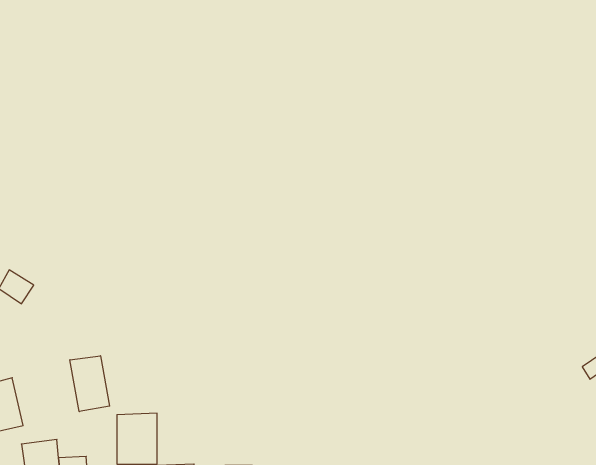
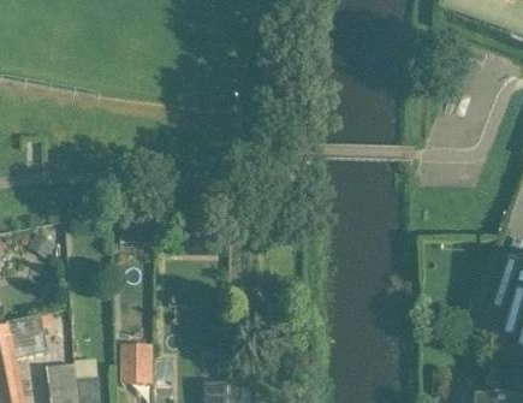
building: [70,356,110,412] -> none

